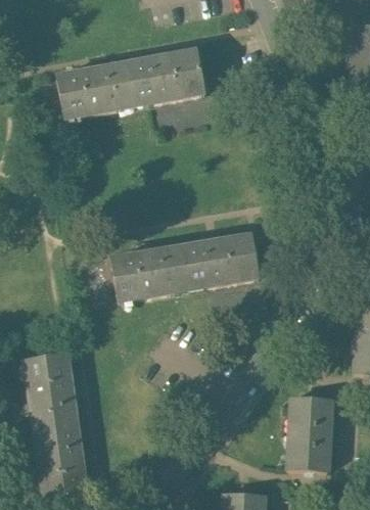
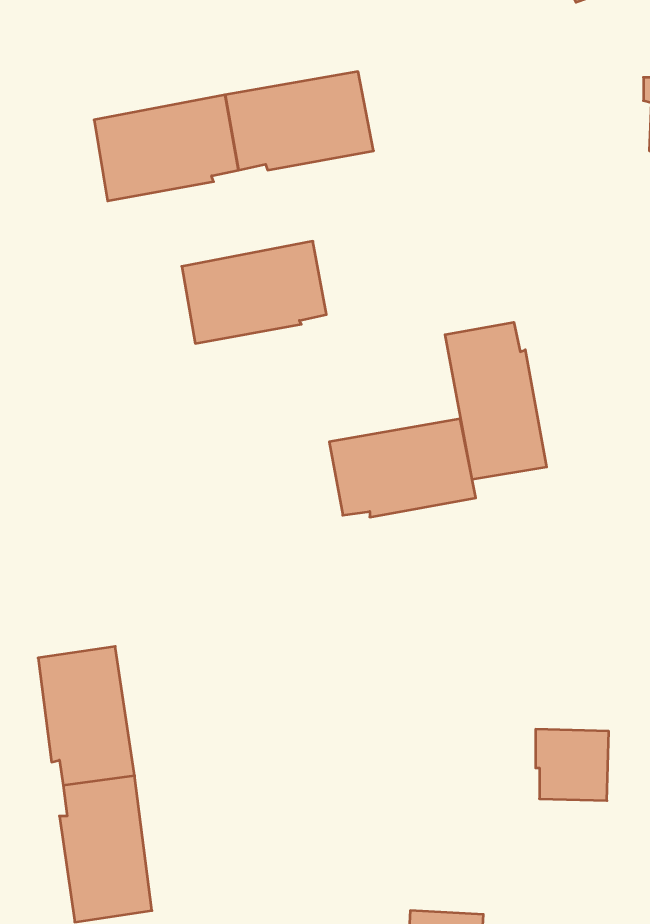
building: none -> [445,322,547,480]
building: [111,245,188,299] -> [182,241,326,343]
building: [288,434,328,469] -> none

